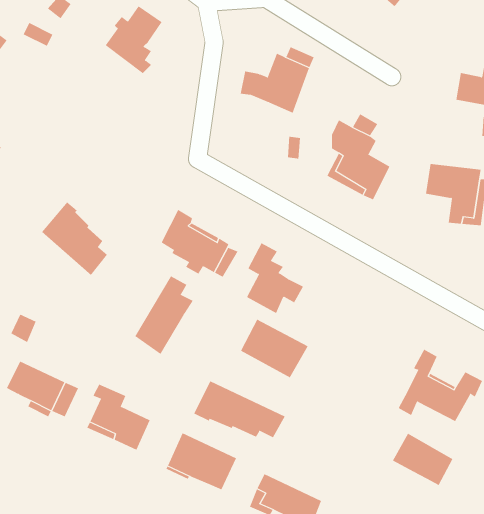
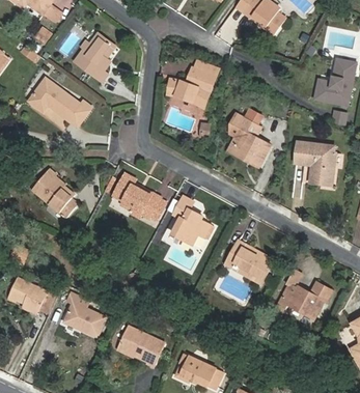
building: none -> [28,78,91,128]
building: [134,275,193,355] -> none
building: [240,319,309,378] -> [225,242,272,282]
building: [194,381,285,438] -> none
building: [392,433,453,486] -> none

